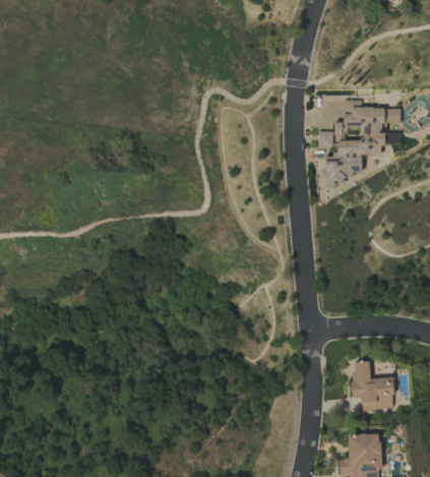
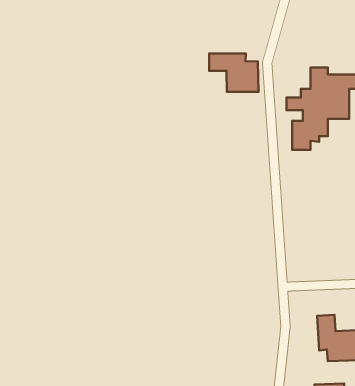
building: none -> [209,54,259,92]

